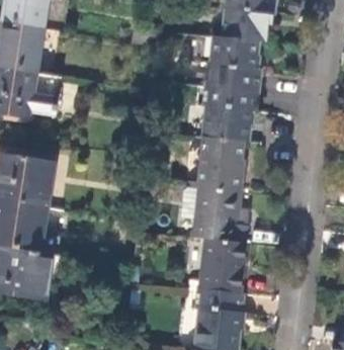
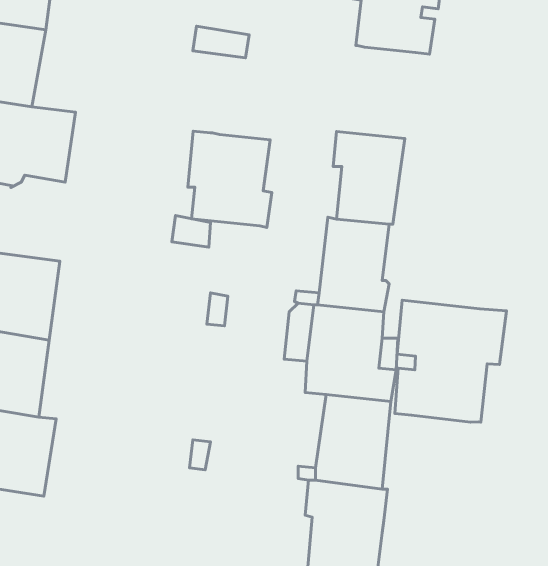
building: [211,36,260,92] -> [188,131,272,227]
building: none -> [395,300,507,422]

